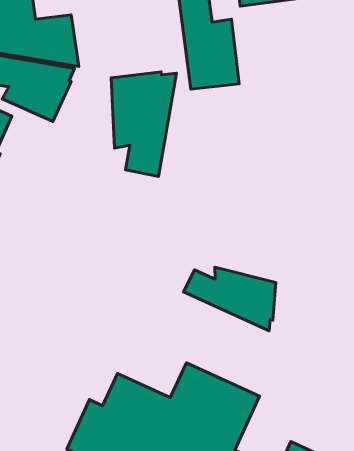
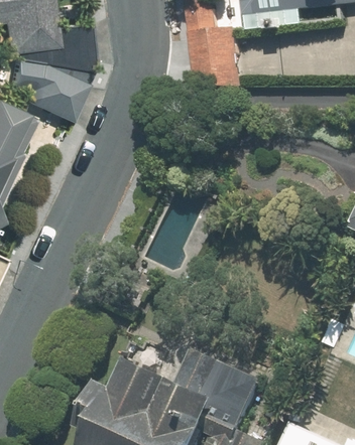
building: [111,72,176,177] -> none
building: [184,267,276,331] -> none

